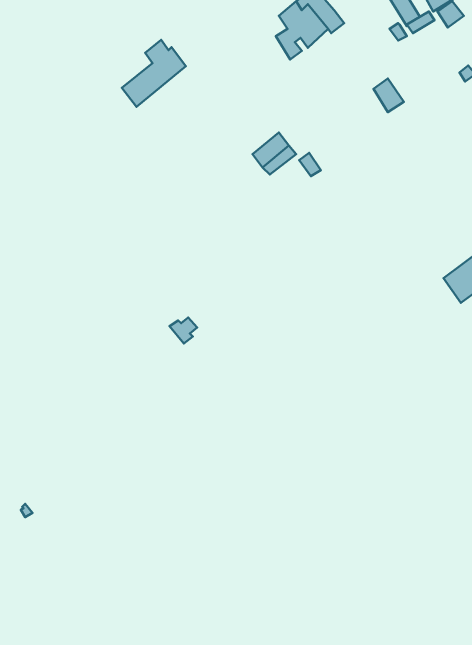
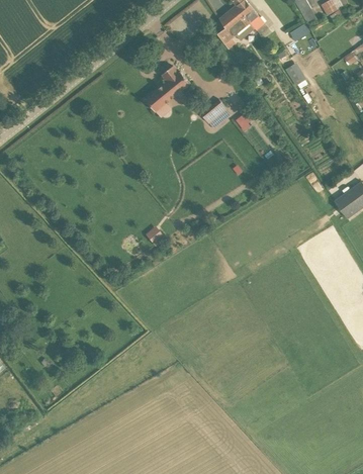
building: [122,40,186,107] -> [147,67,191,113]

